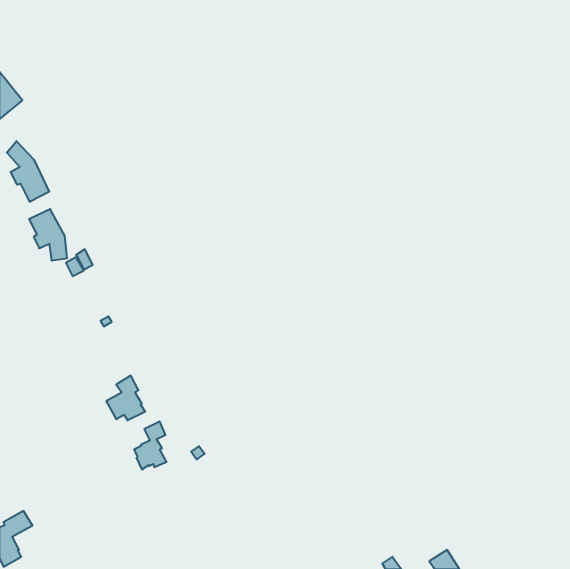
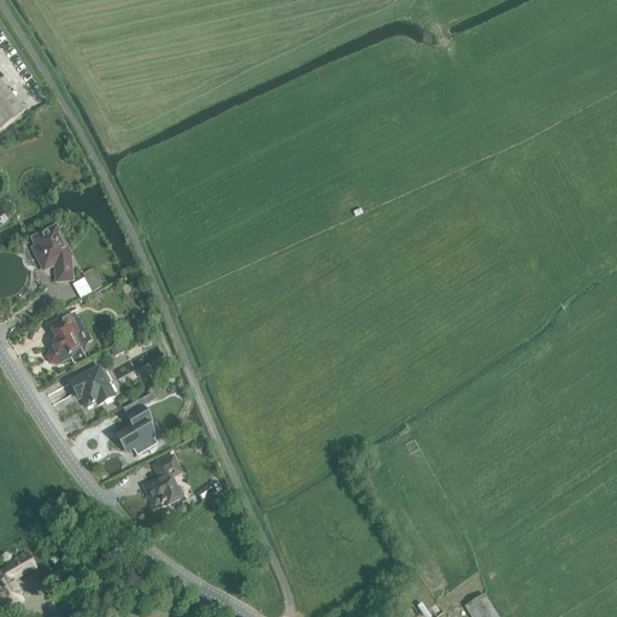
building: [7,141,49,202] -> none
building: none -> [46,311,78,363]
building: none -> [67,365,113,406]

